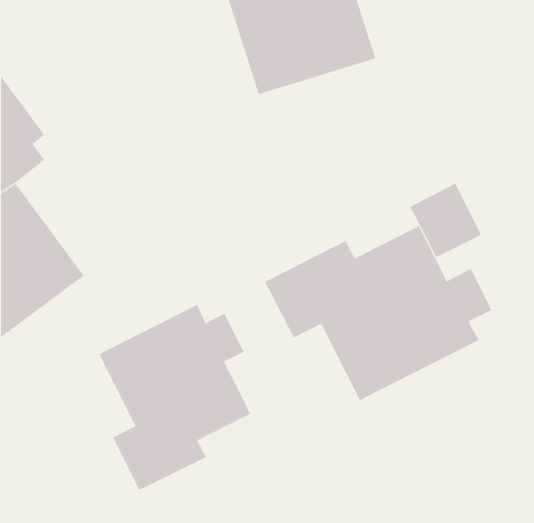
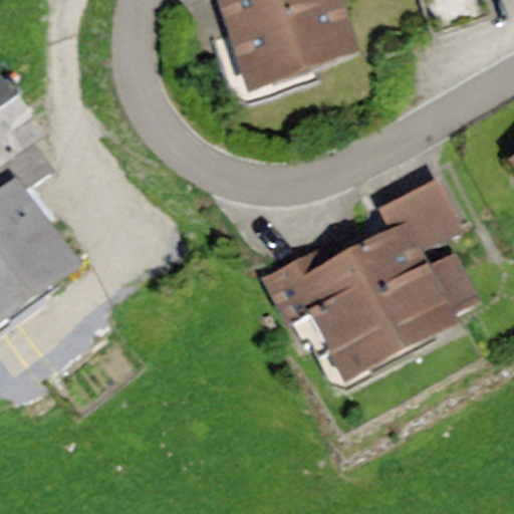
building: [99,304,251,491] -> none

